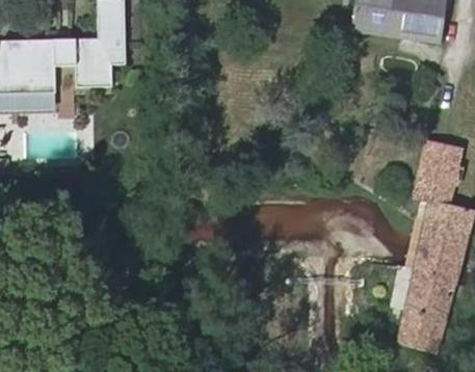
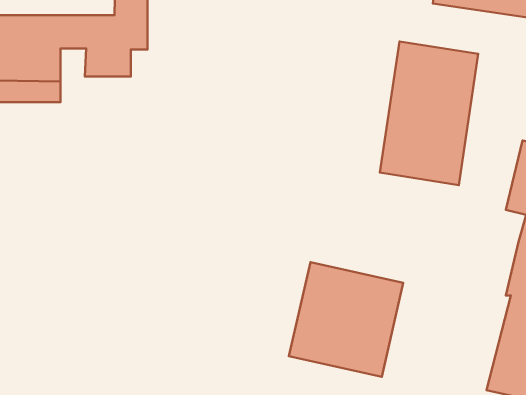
building: none -> [380,41,478,185]
building: none -> [289,262,403,377]

